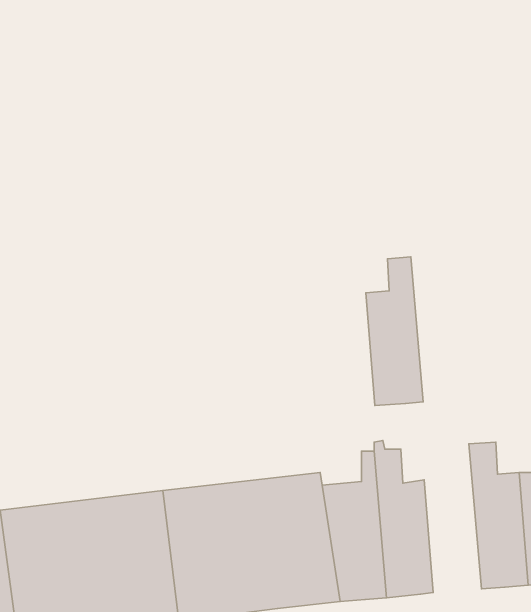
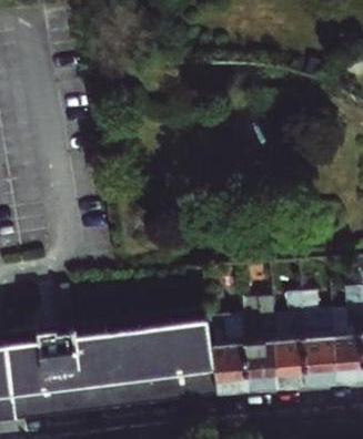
building: [366,257,423,405] -> [273,298,309,390]

